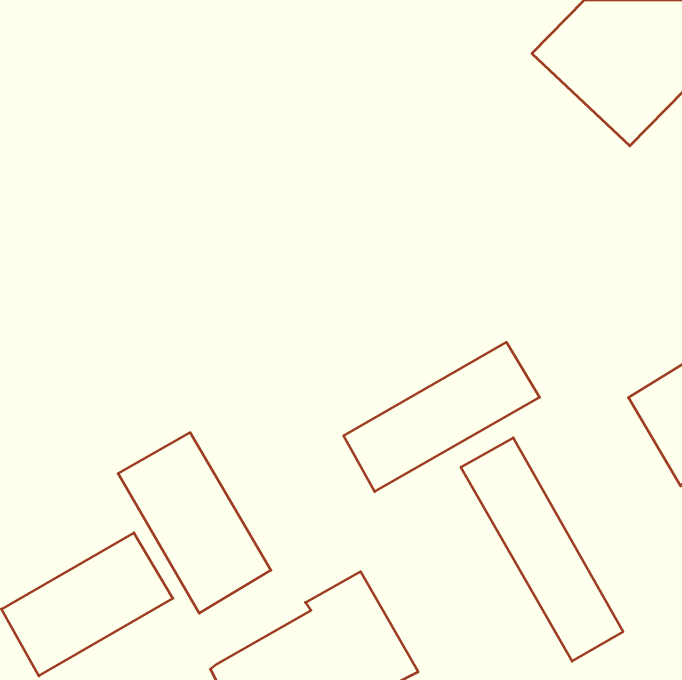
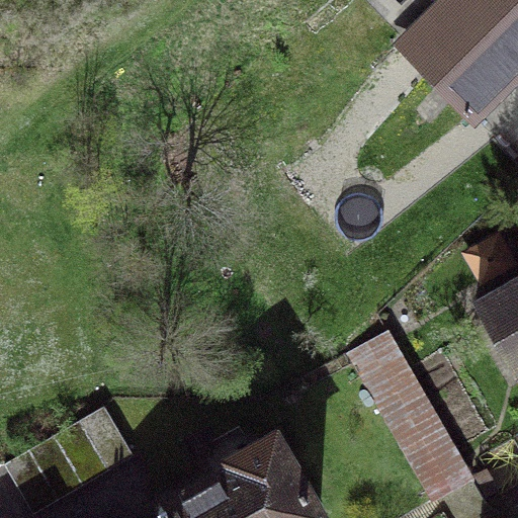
building: [344,342,540,492] -> none
building: [118,433,271,613] -> none

